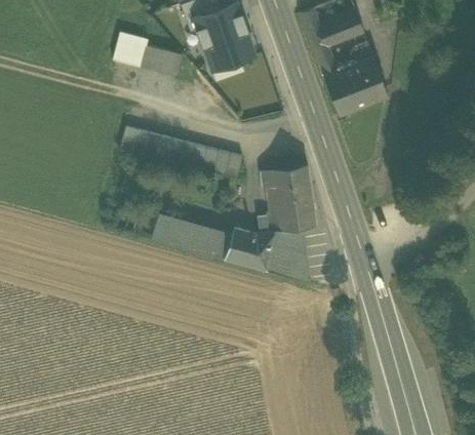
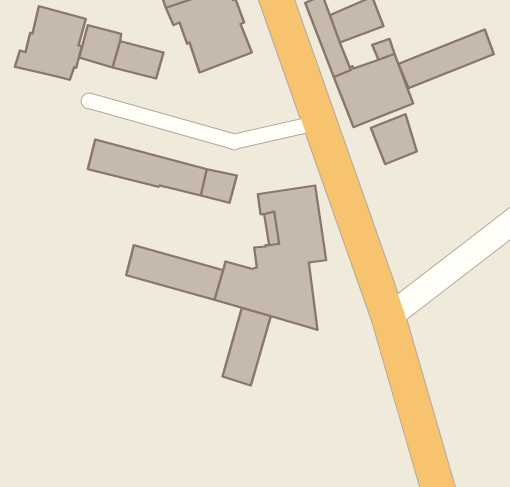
building: none -> [15,6,86,80]
building: none -> [398,30,494,88]
building: none -> [371,114,417,164]
building: none -> [222,308,271,385]

